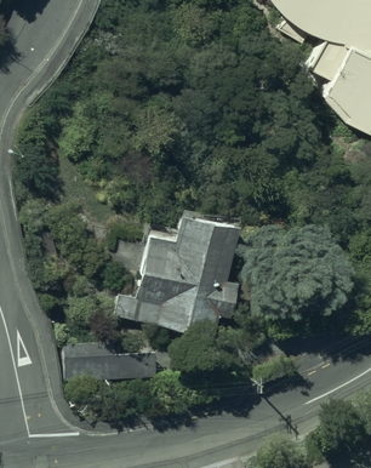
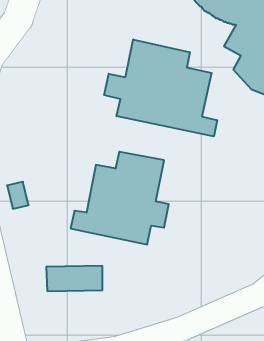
building: none -> [104,39,217,136]

